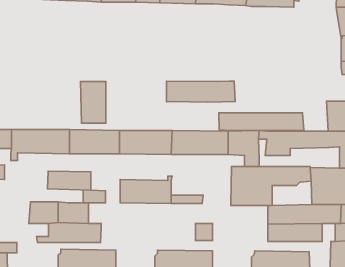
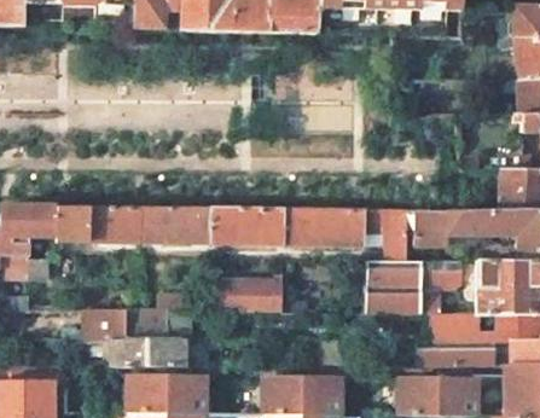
building: [166,81,235,102] -> none
building: [80,82,106,123] -> none
building: [219,113,304,130] -> none
building: [48,171,91,190] -> none

